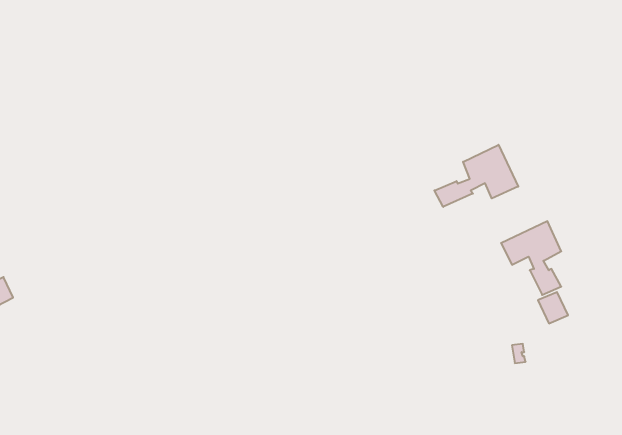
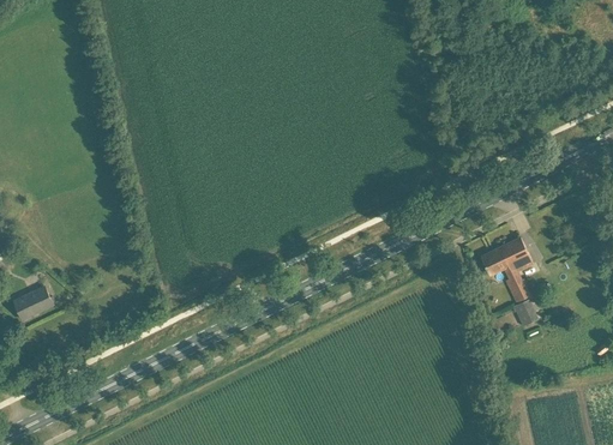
building: [434,145,518,207] -> none

